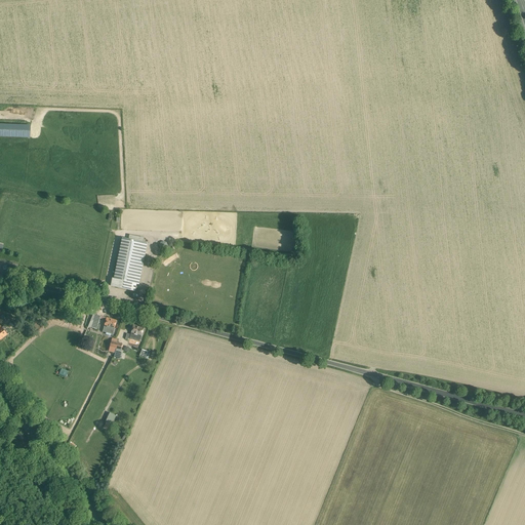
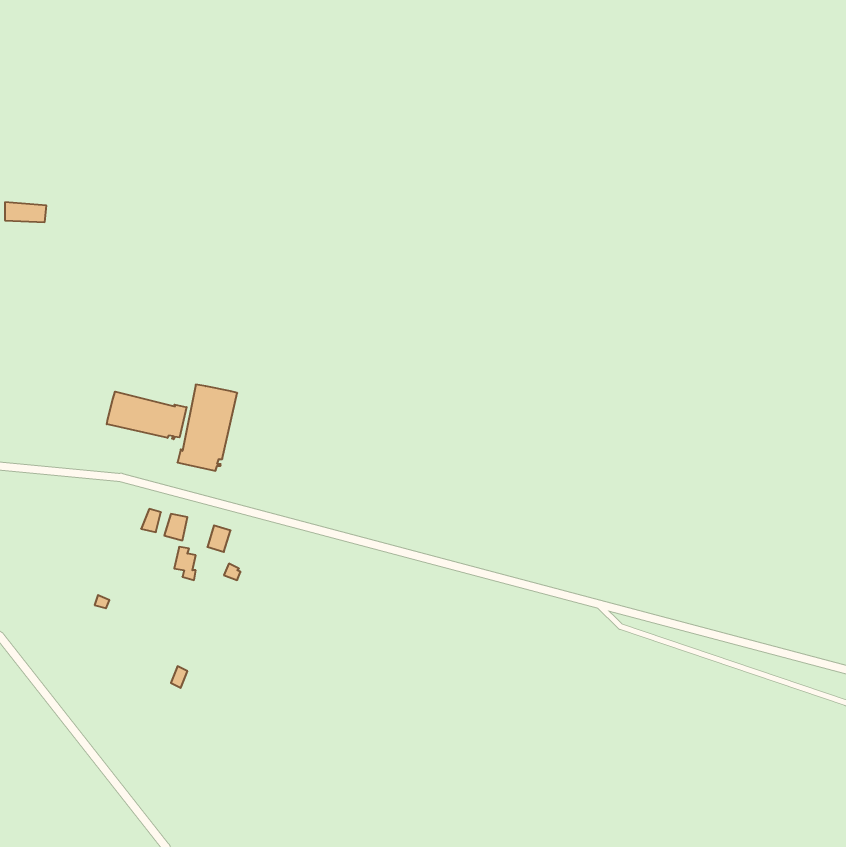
building: none -> [107,392,187,439]

